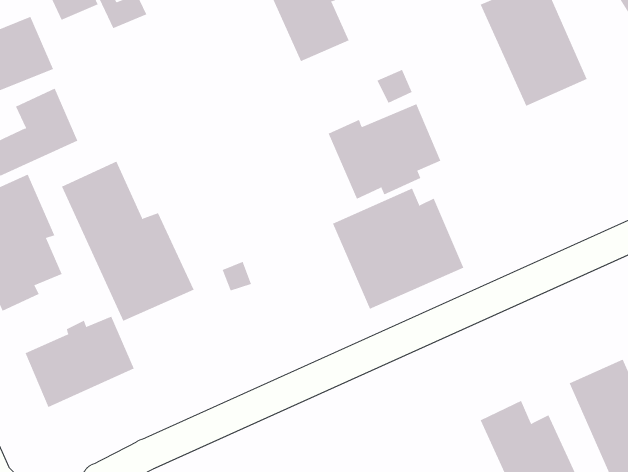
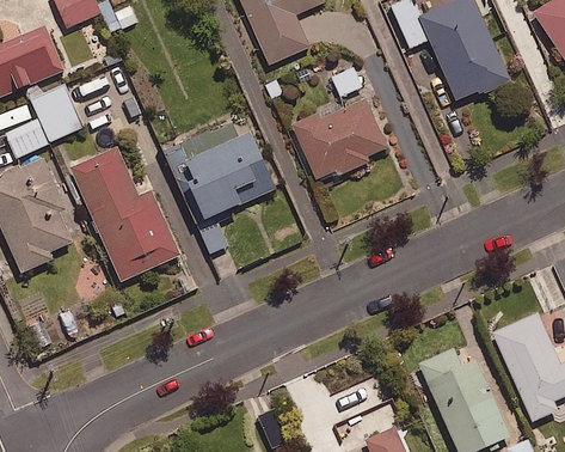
building: [332,188,464,310] -> [165,121,275,222]
building: [25,316,135,408] -> none

